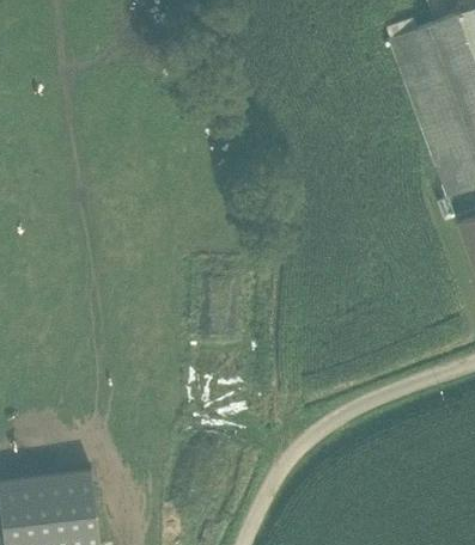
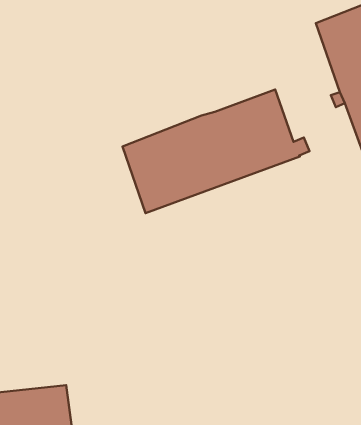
building: none -> [122,89,309,213]

